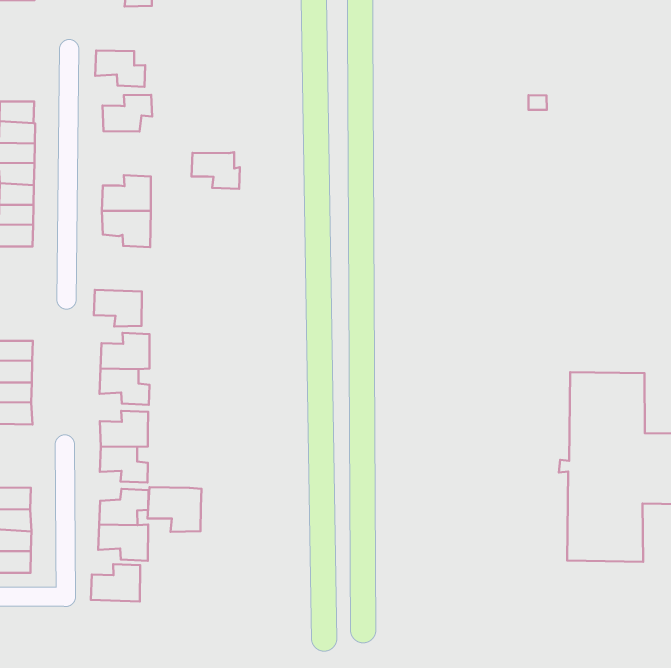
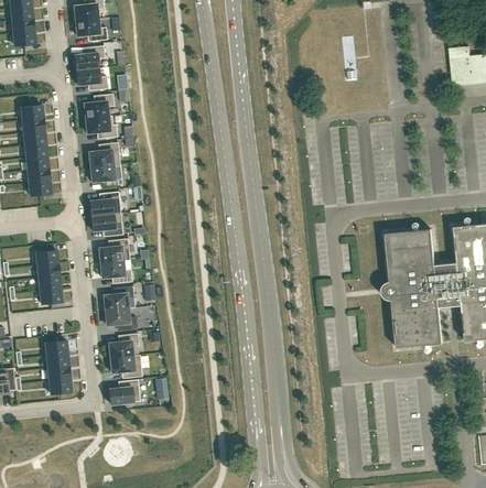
building: none -> [75,46,105,71]
building: [192,152,240,189] -> [86,116,117,139]
building: none -> [89,192,120,216]
building: [148,487,202,532] -> none

